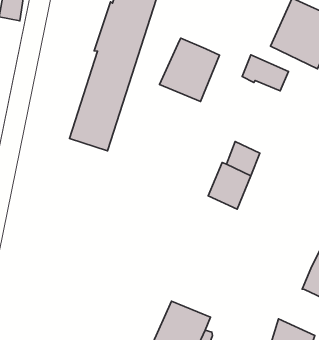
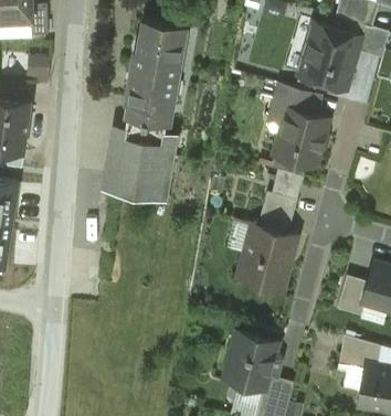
building: [160,38,220,102] -> [274,108,328,167]
building: none -> [239,225,296,289]
building: none -> [337,276,368,316]

